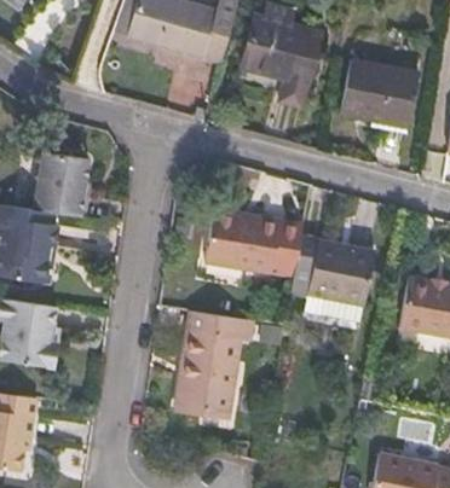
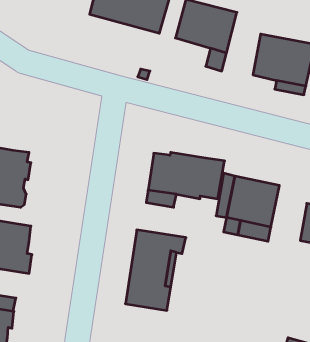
building: [33,151,85,217] -> none

